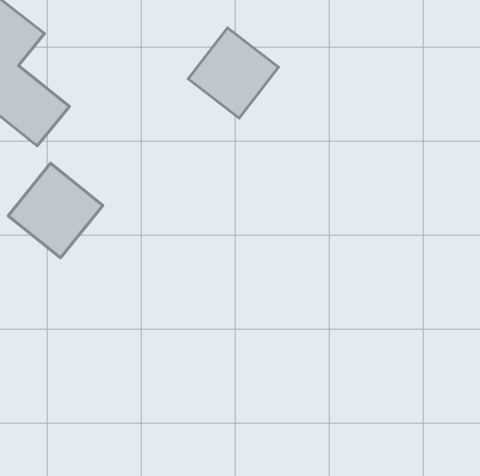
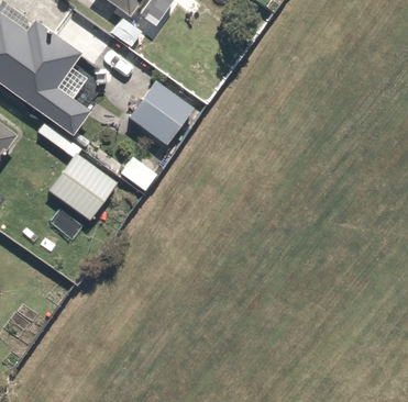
building: [188,28,278,118] -> [126,79,195,147]

